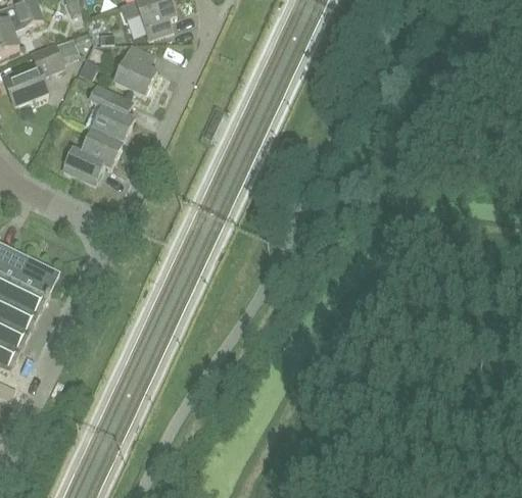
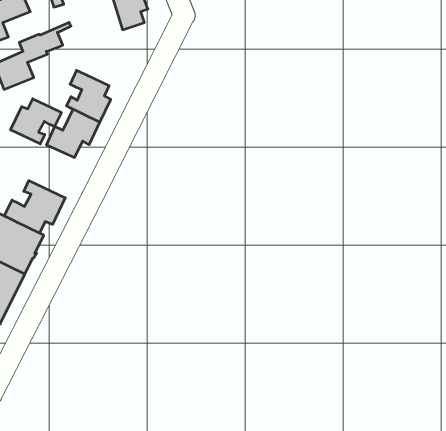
building: [113,44,156,96] -> none
building: none -> [11,99,61,144]
building: none -> [4,181,65,233]

